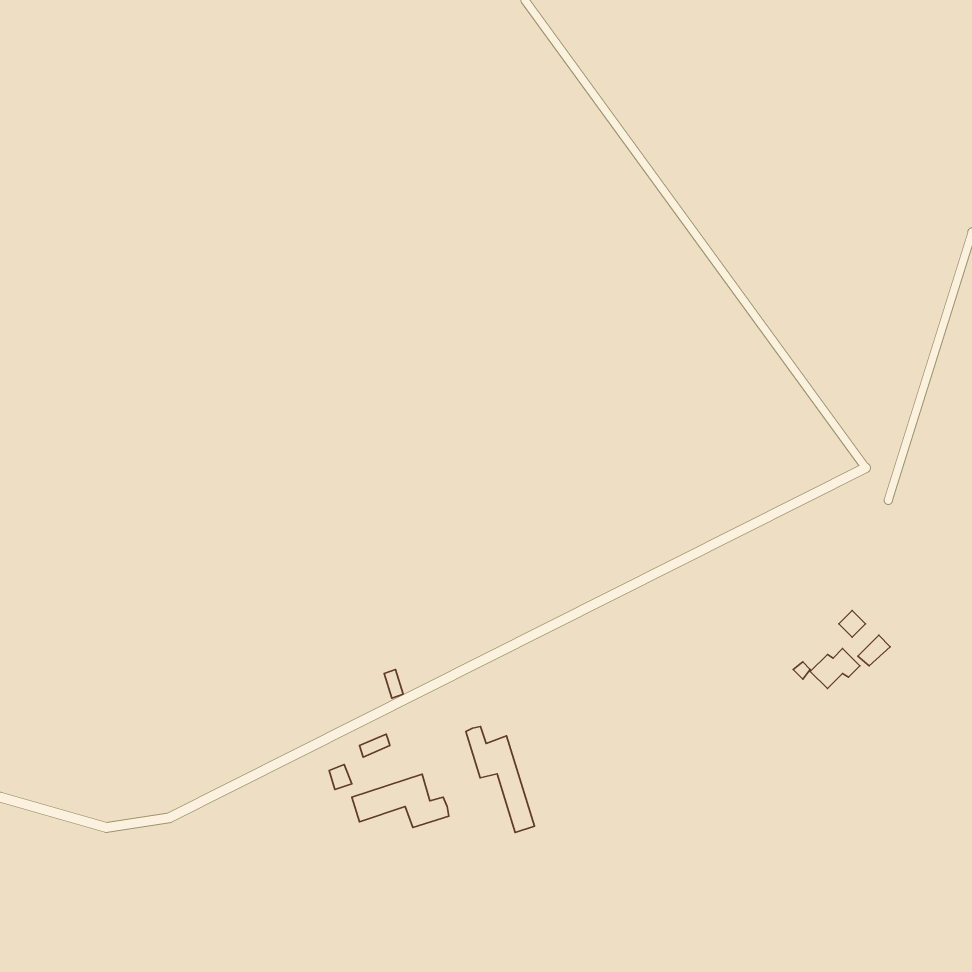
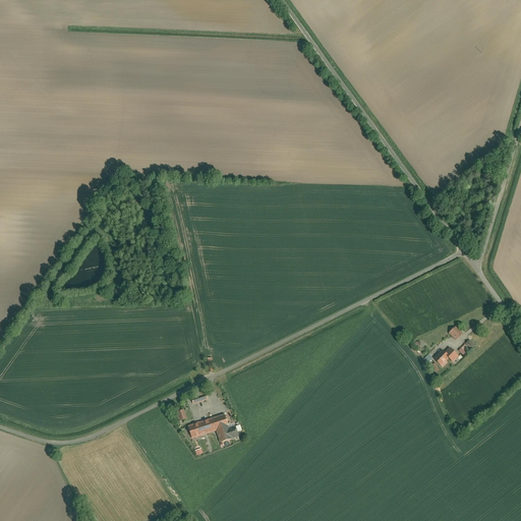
building: [466,727,534,832] -> none

